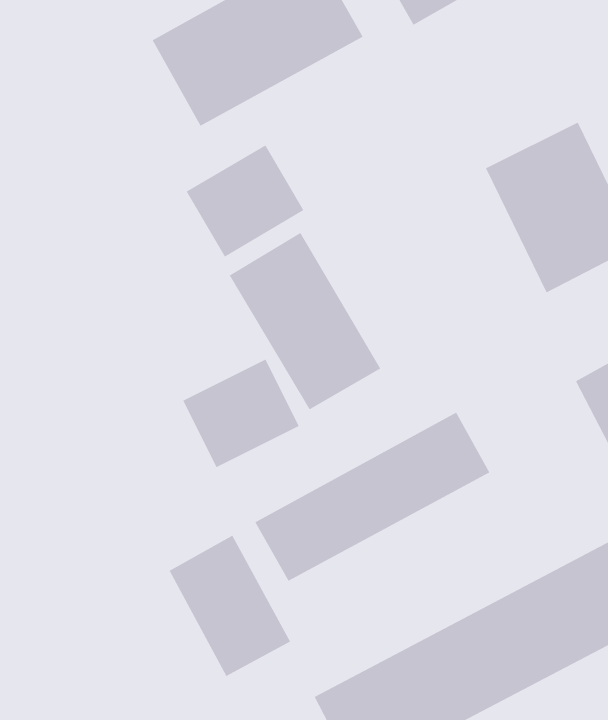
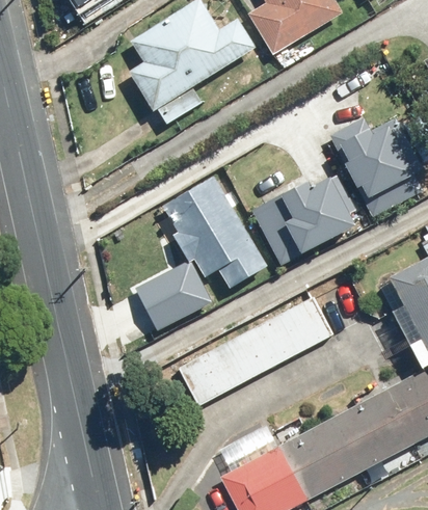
building: [186,144,304,257] -> none
building: none -> [251,173,352,265]
building: [169,535,291,677] -> none

